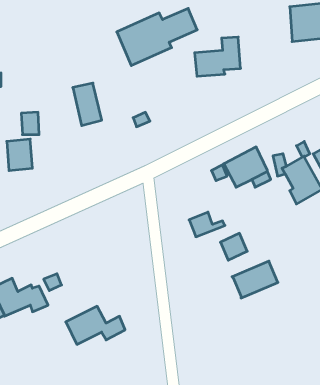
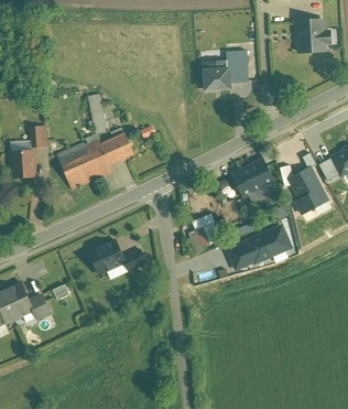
building: [117,8,197,66] -> [61,132,140,189]
building: [232,261,278,298] -> [243,225,289,261]
building: [66,306,125,344] -> [88,238,146,276]

